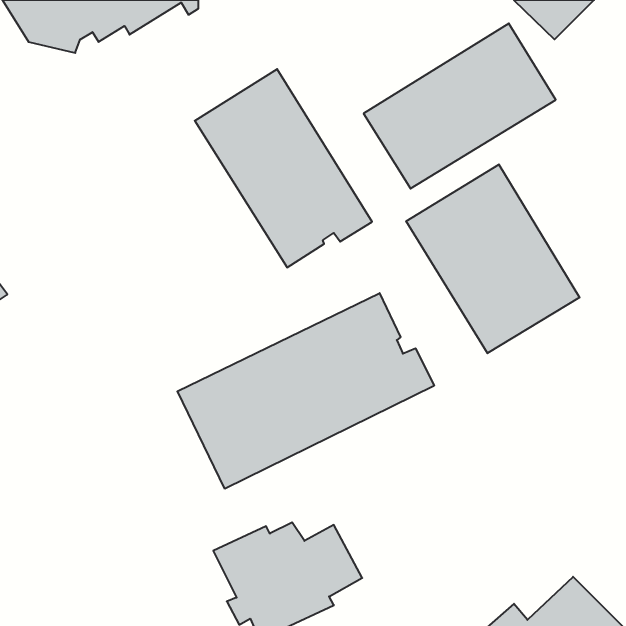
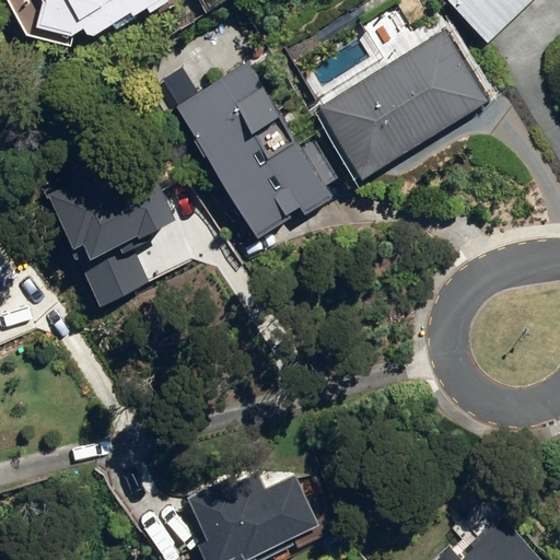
building: none -> [40,149,177,306]
building: [406,164,580,353] -> none
building: [177,293,434,489] -> none

